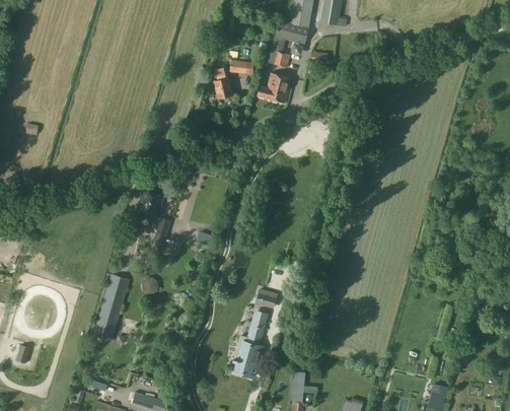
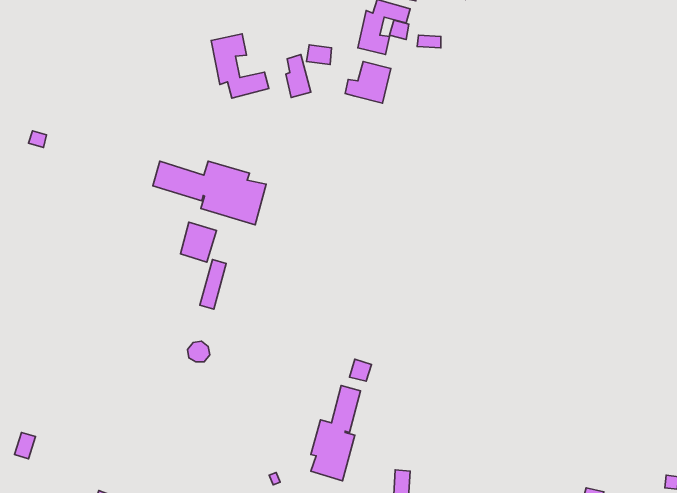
building: none -> [211,34,269,98]
building: none -> [153,161,266,225]
building: [93,274,130,341] -> none

